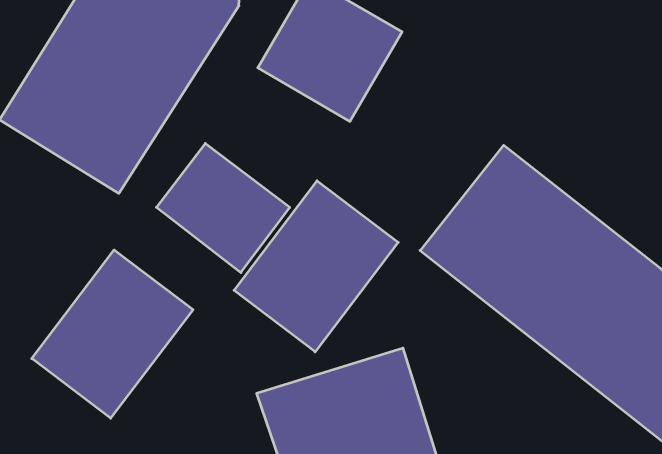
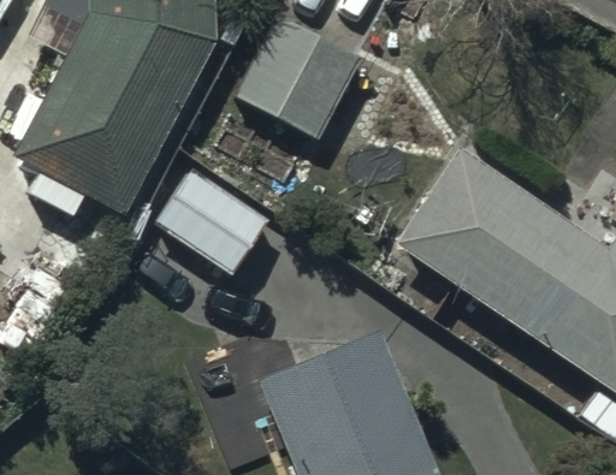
building: [234,181,398,352] -> none
building: [32,250,193,418] -> none

